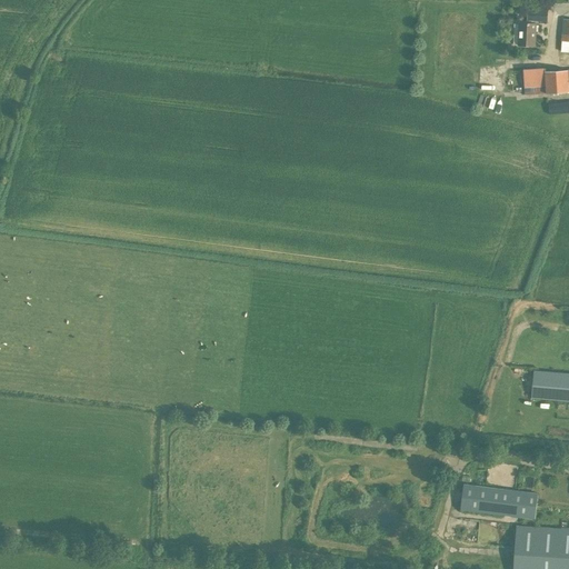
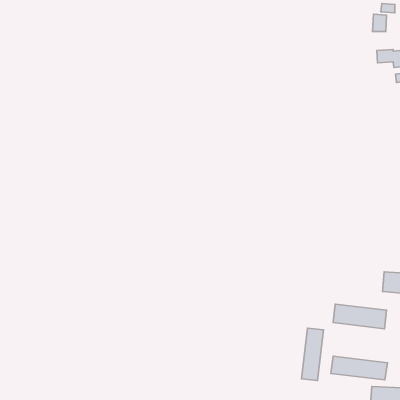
building: none -> [333,304,386,329]
building: none -> [301,328,324,380]

